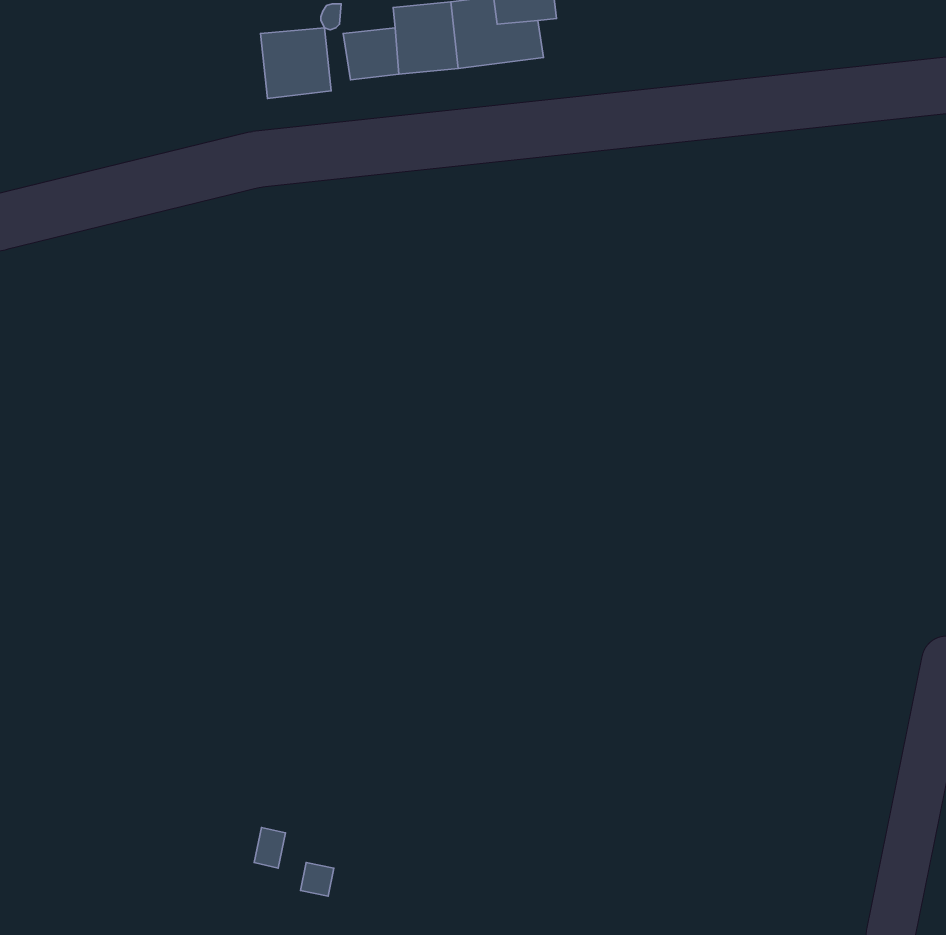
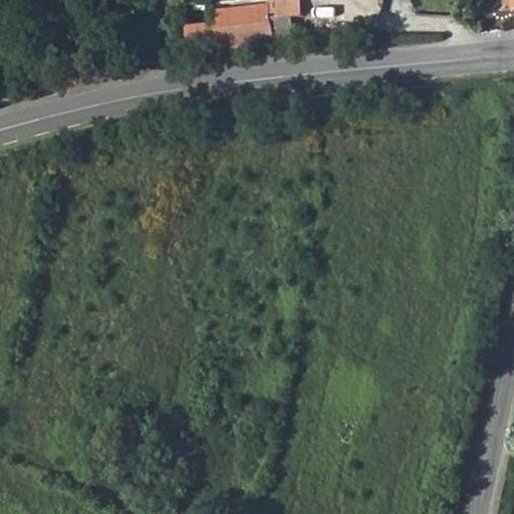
building: [260,28,331,99] -> none

